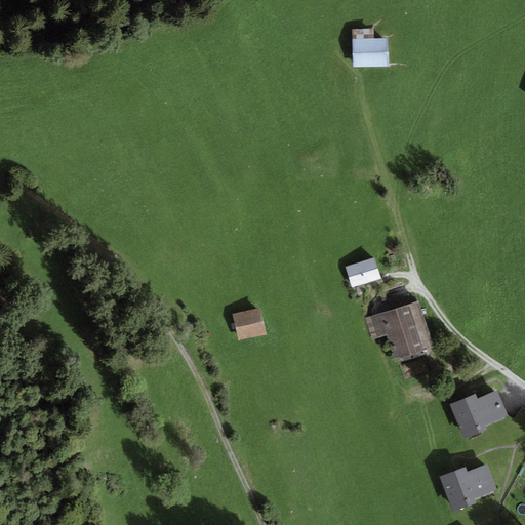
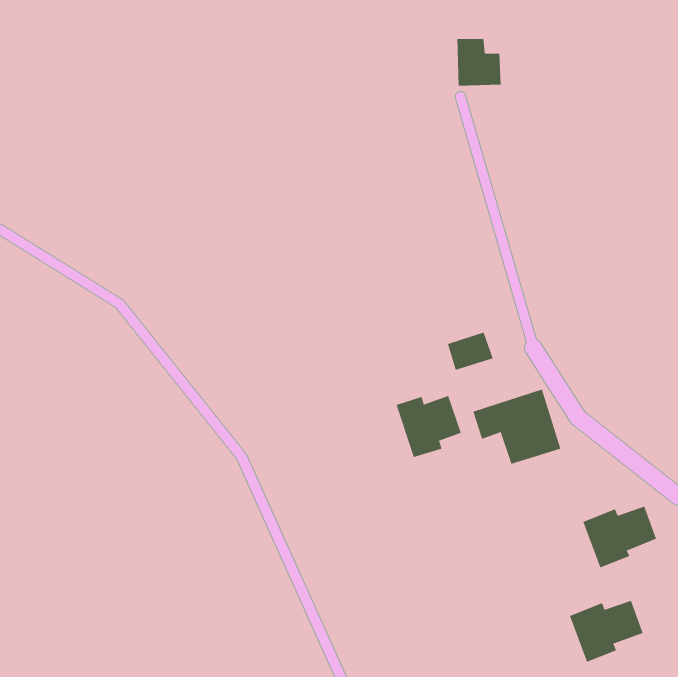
building: none -> [396,395,462,458]
building: [233,306,266,339] -> none

